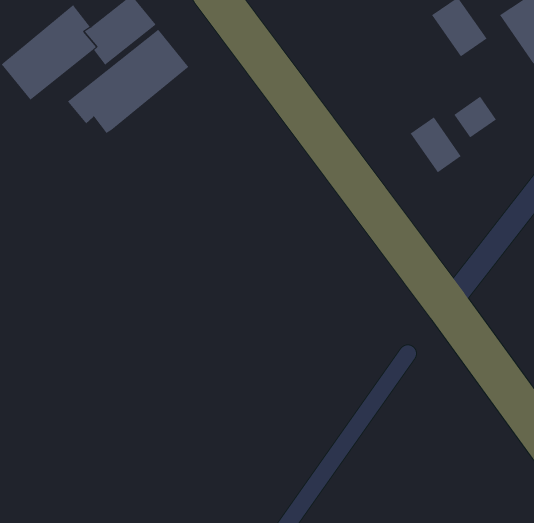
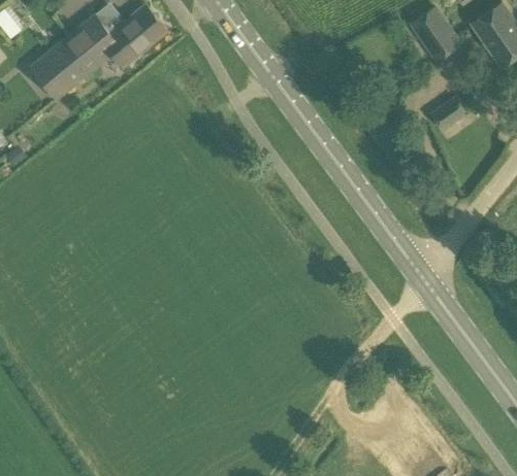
building: [67,29,189,134] -> none
building: [410,117,462,173] -> none

